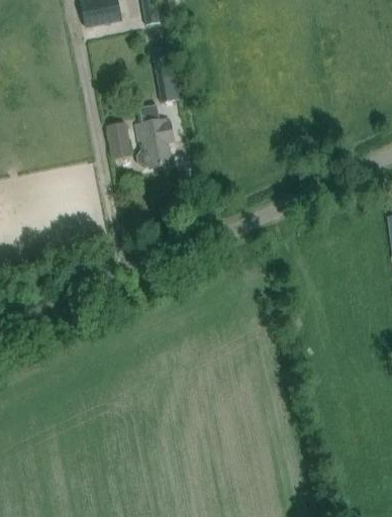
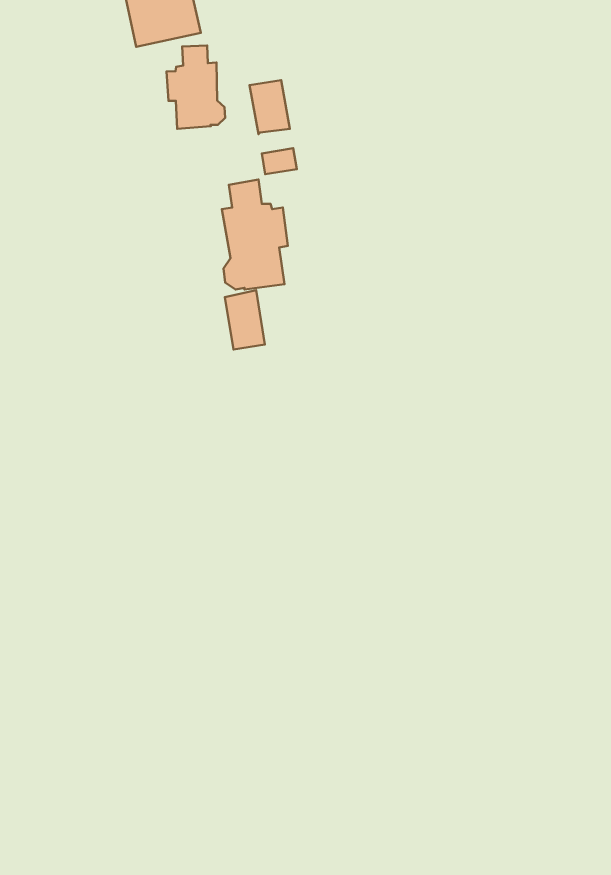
building: none -> [167,46,225,129]
building: [107,120,130,154] -> [225,290,265,350]

